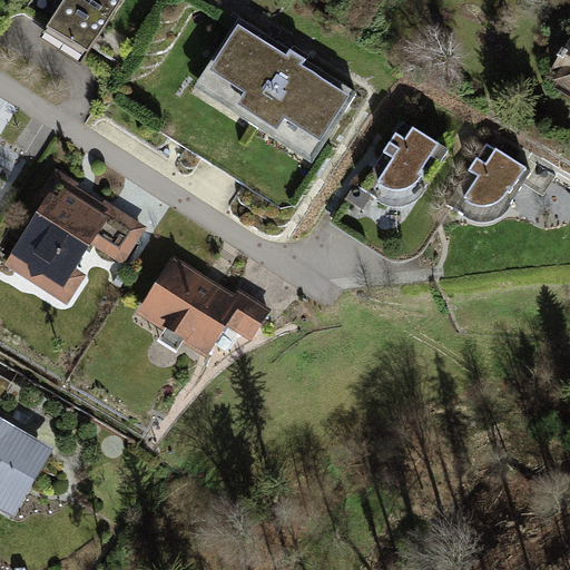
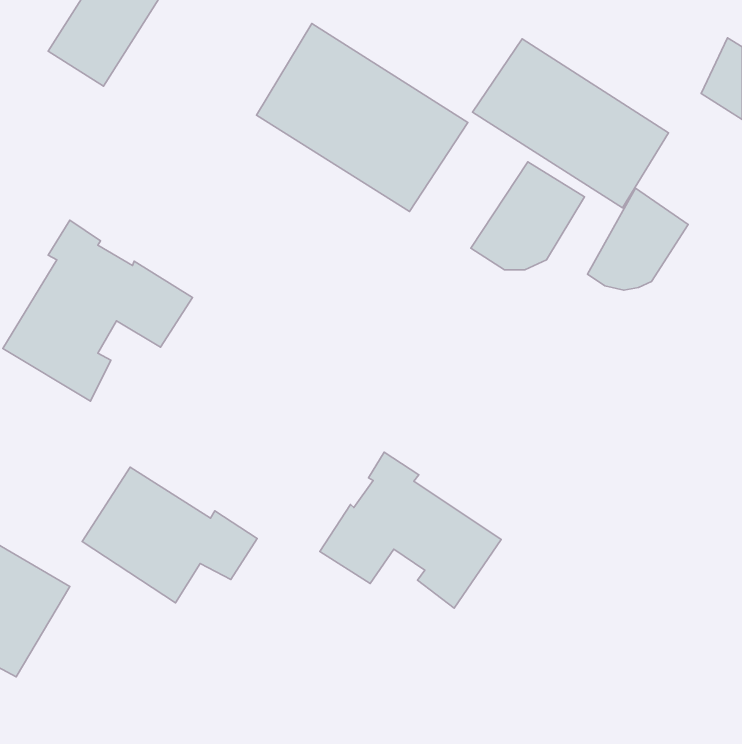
building: none -> [473,39,669,208]
building: [136,255,269,358] -> [82,467,257,603]
building: none -> [320,452,501,608]

